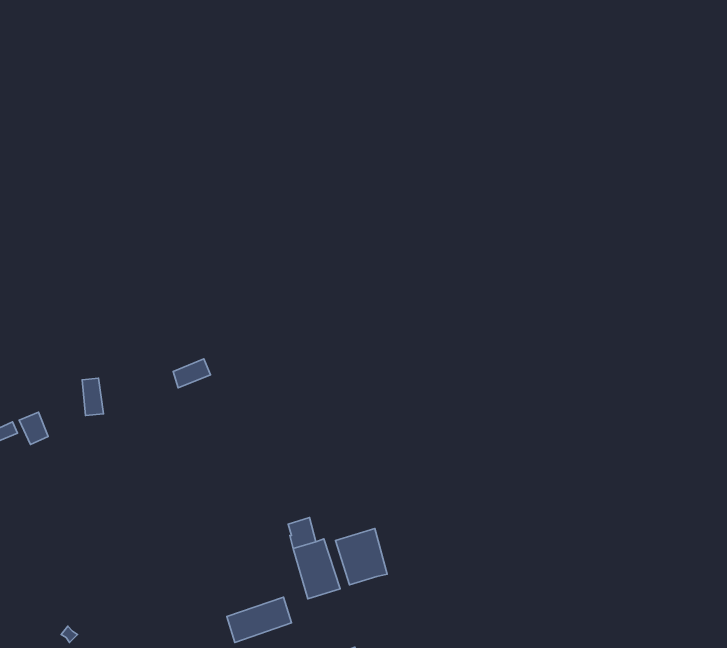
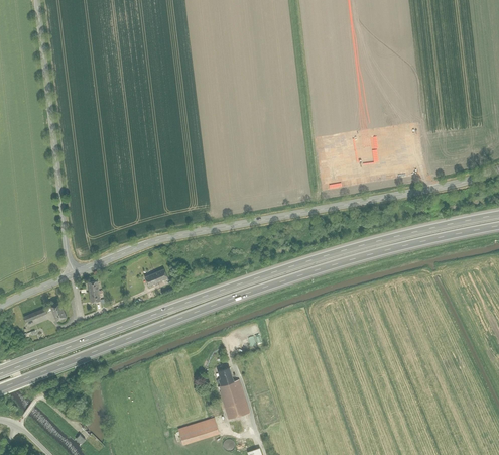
building: [336,529,387,585] -> none

